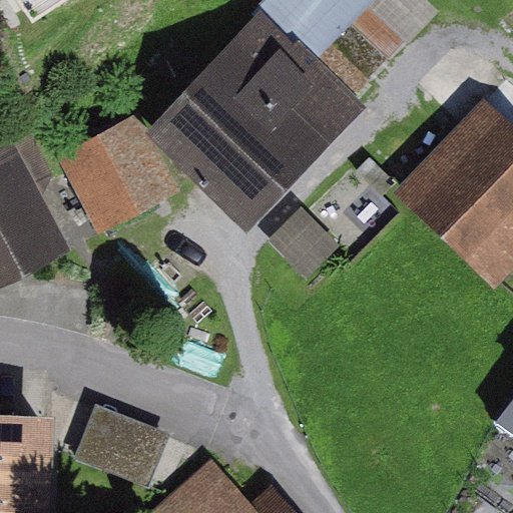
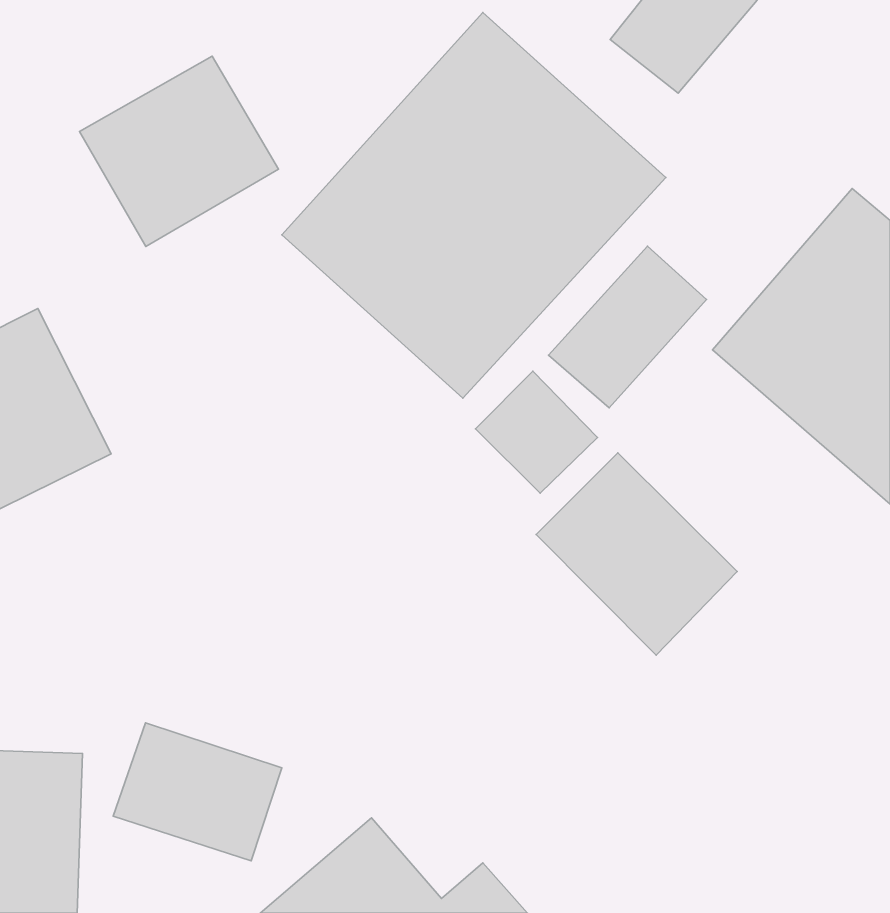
building: [64,123,175,229] -> [79,56,279,246]
building: none -> [549,246,707,408]
building: none -> [536,453,737,655]

